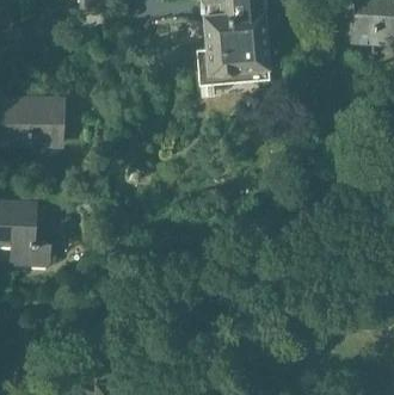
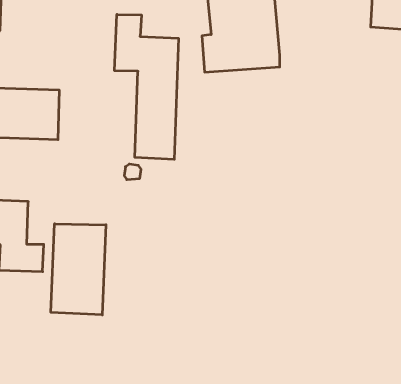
building: none -> [115,14,178,159]
building: none -> [51,224,106,315]

